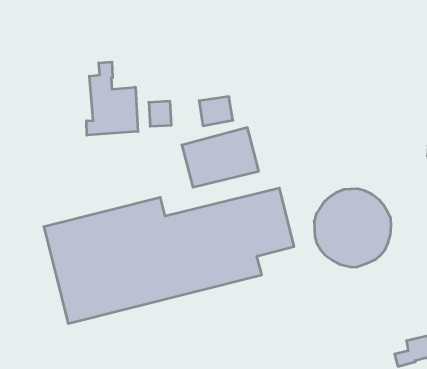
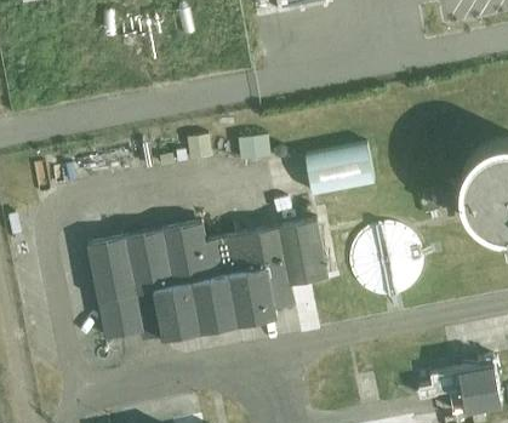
building: [87,62,138,135] -> none
building: [182,128,259,187] -> [309,138,382,193]

